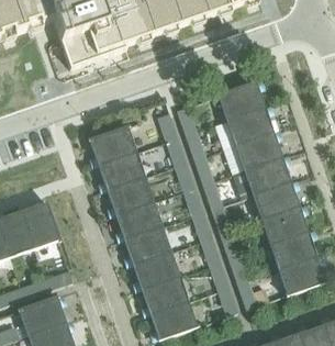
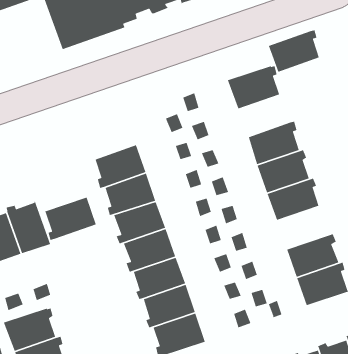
building: [226,105,272,144] -> [268,29,320,73]
building: [89,125,136,165] -> [44,196,97,241]
building: [260,204,308,244] -> none

